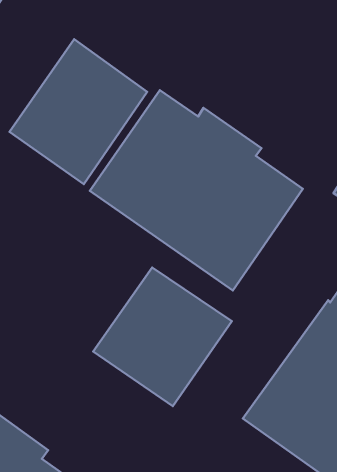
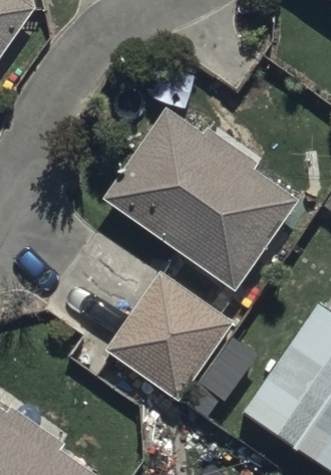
building: [10,39,147,184] -> none

